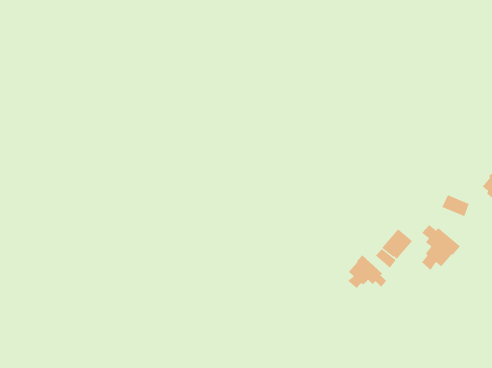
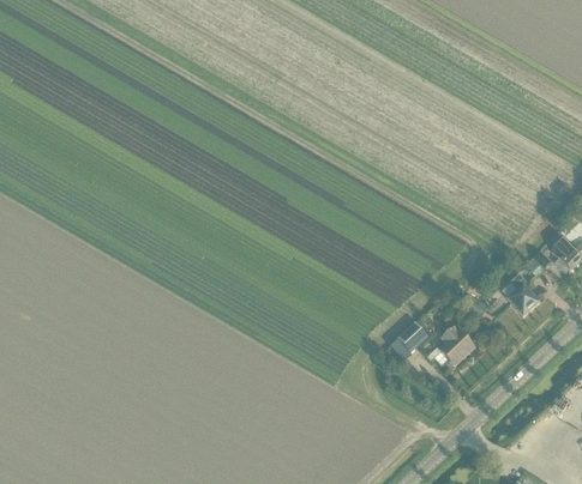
building: [347,255,387,289] -> none

